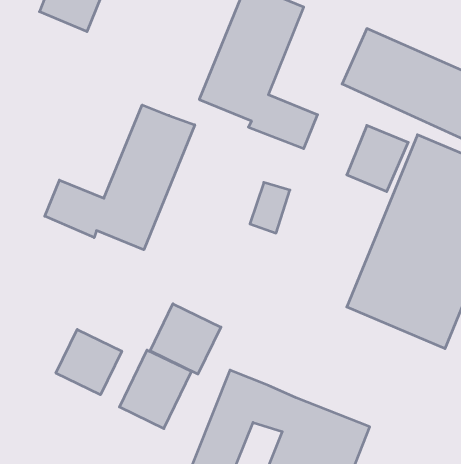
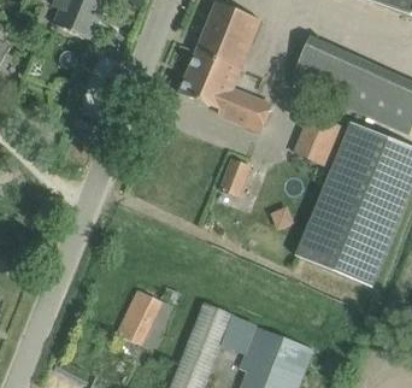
building: [45,105,195,250] -> none
building: [150,304,221,374] -> none
building: [56,329,122,395] -> none

